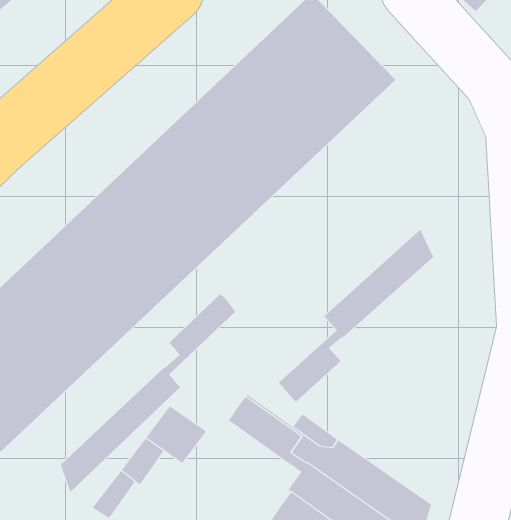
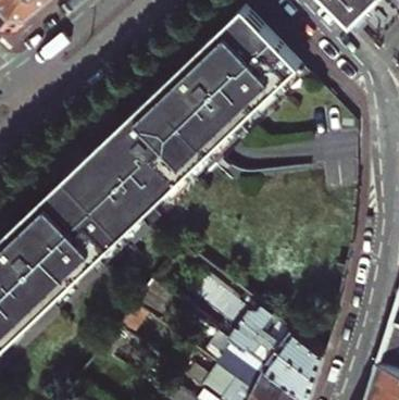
building: [278,229,434,402] -> none
building: [60,293,236,493] -> none

